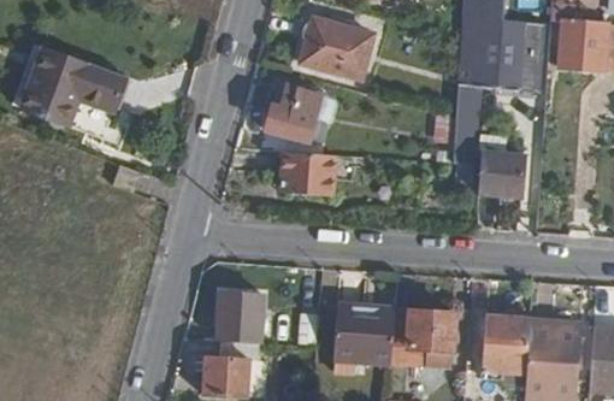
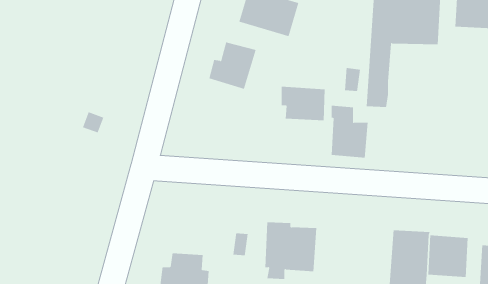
building: [17,49,123,141] -> none
building: [482,131,527,195] -> [331,105,369,158]
building: [282,151,336,193] -> [281,86,326,121]
building: [216,290,262,341] -> none
building: [391,303,453,365] -> none

